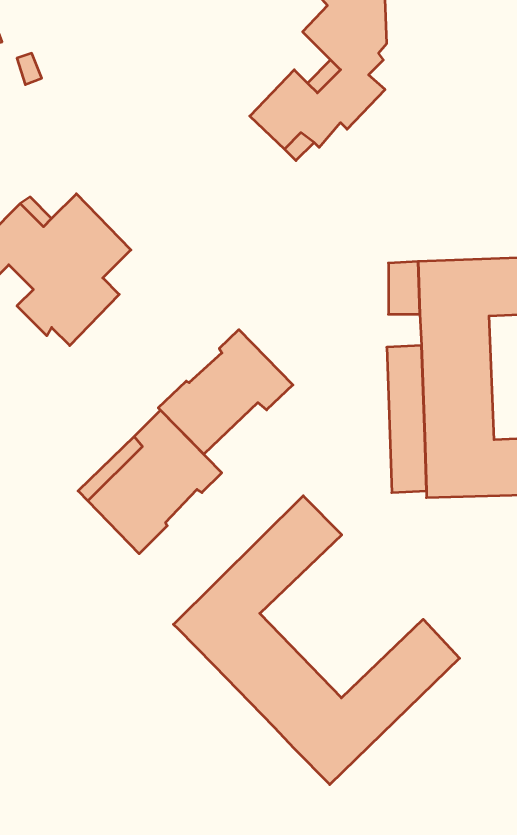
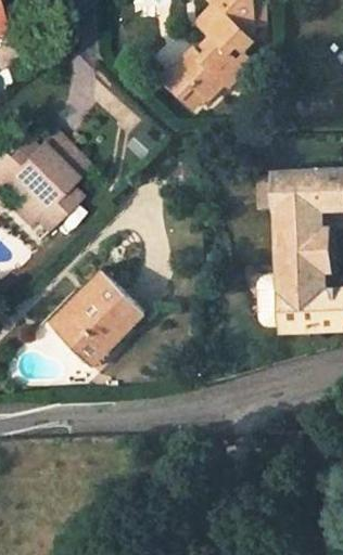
building: [158,330,293,454] -> none
building: [173,496,460,785] -> none

